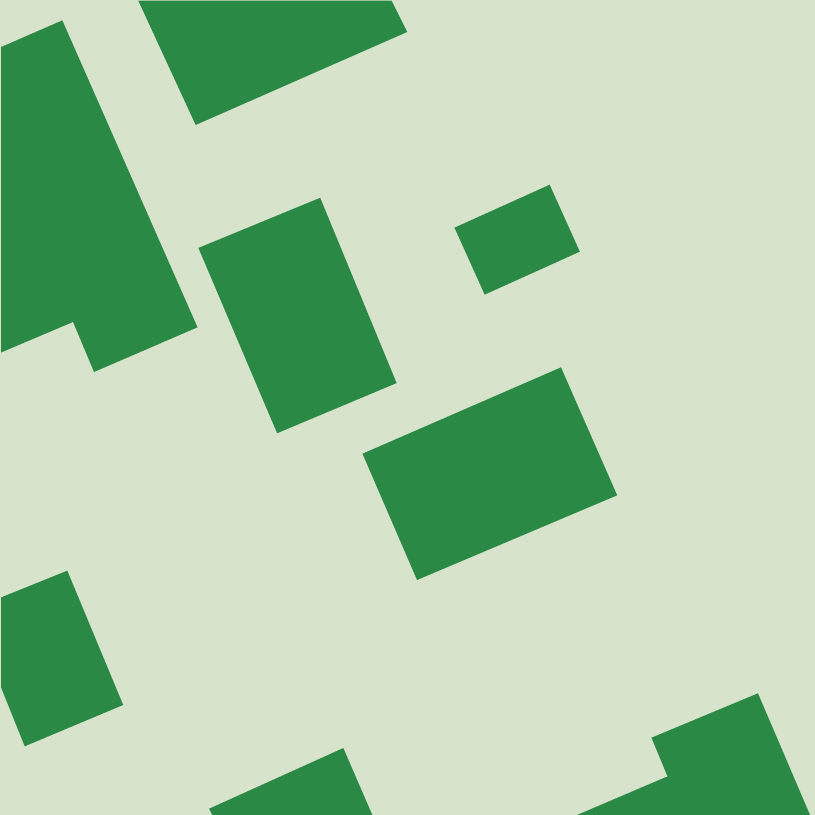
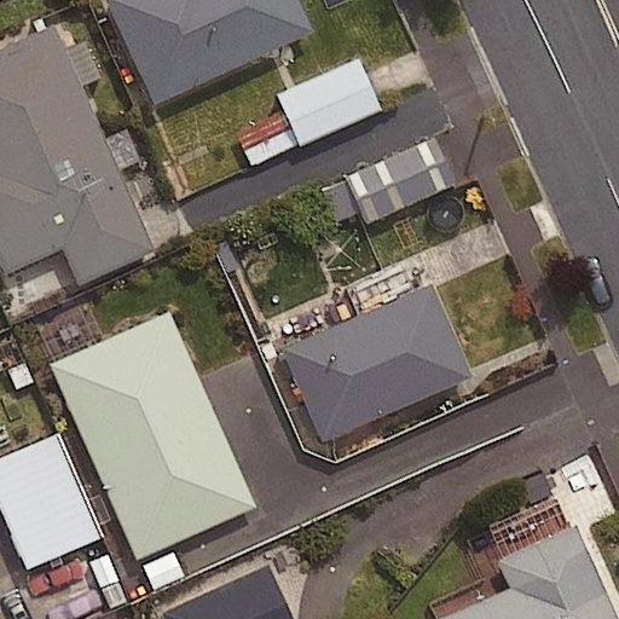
building: none -> [238,58,381,167]
building: [197,197,398,434] -> none
building: none -> [48,311,256,560]

